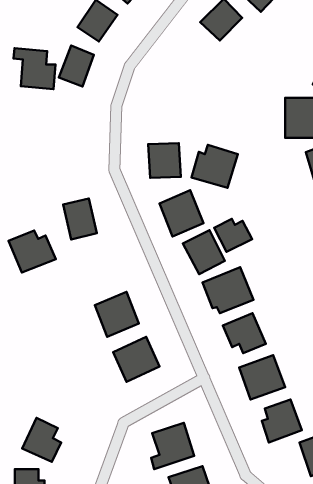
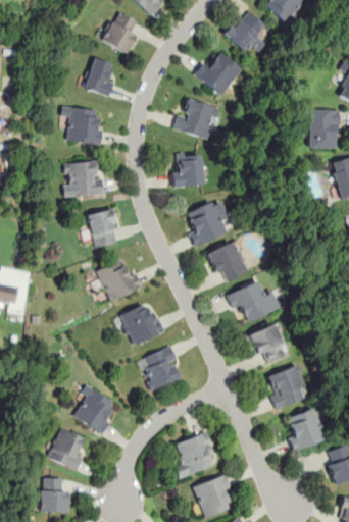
building: none -> [195,53,243,97]
building: [14,48,55,89] -> [61,106,103,147]
building: [192,145,238,188] -> [173,99,219,142]
building: none -> [63,161,103,198]
building: [214,219,252,252] -> none
building: [9,230,56,273] -> [96,260,143,302]
building: none -> [72,387,120,435]

